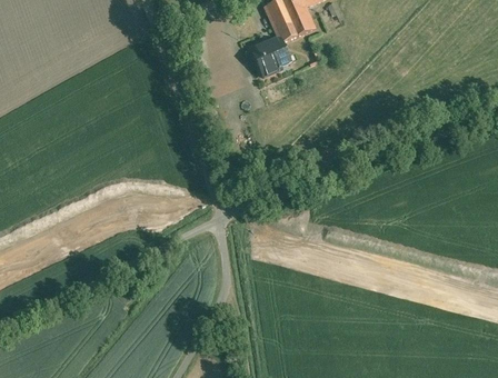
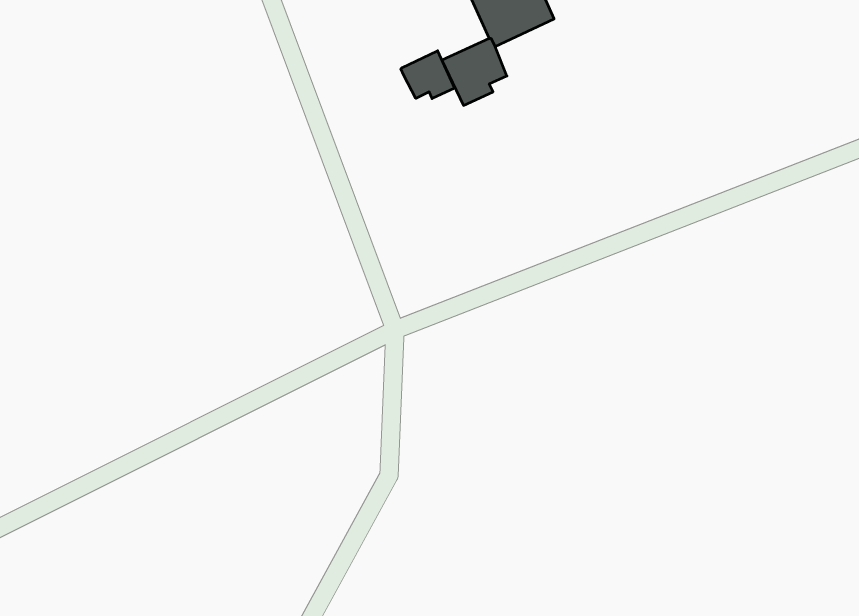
building: none -> [401,51,455,99]

